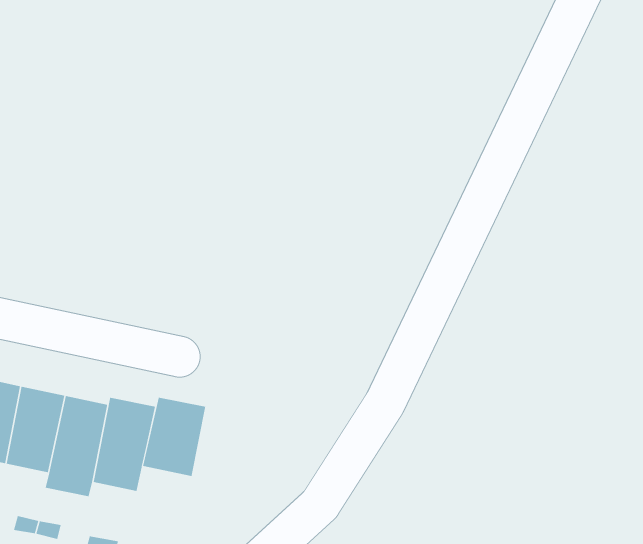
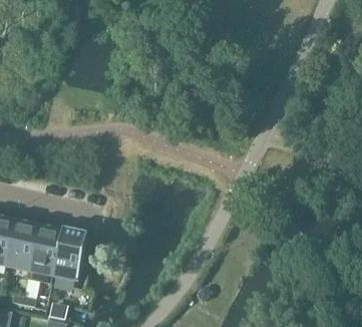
building: [143,397,206,477] -> none

